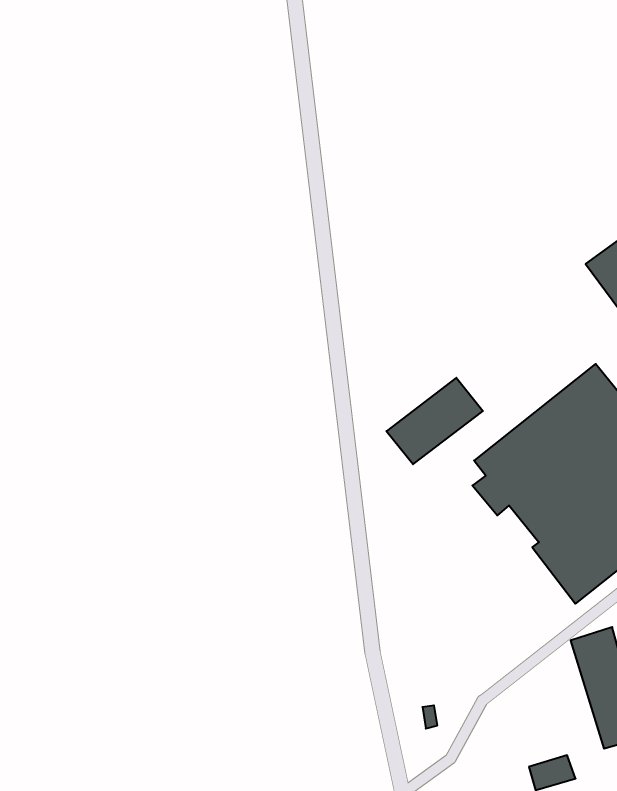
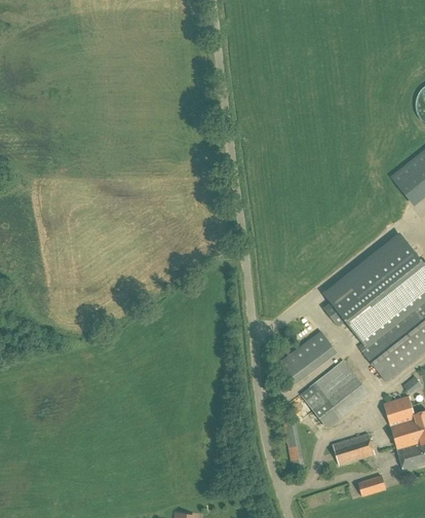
building: [386,378,483,464] -> [276,330,336,383]
building: none -> [301,361,369,425]
building: none -> [333,434,375,466]

